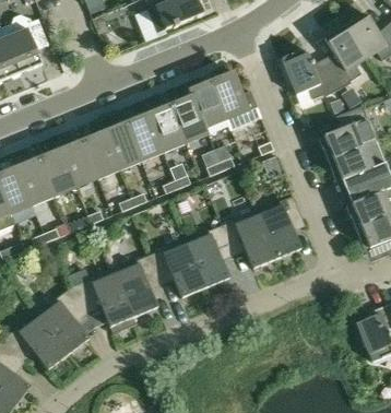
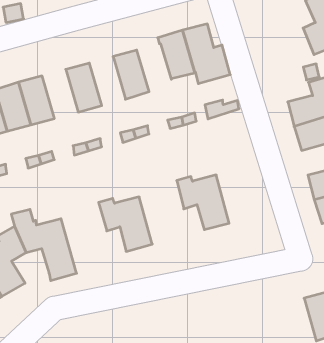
building: [282,47,339,97] -> none
building: [169,94,209,141] -> none
building: [126,111,164,160] -> none
building: [82,129,120,177] -> none
building: [259,194,304,258] -> none
building: [188,223,232,286] -> none
building: [116,252,161,322] -> none

